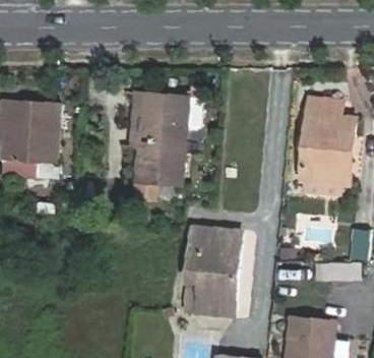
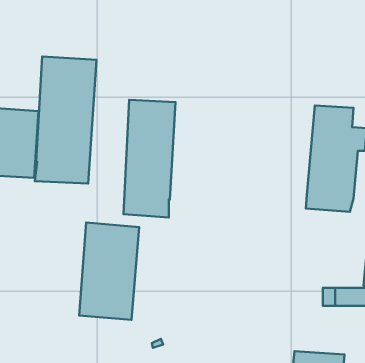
building: none -> [35,56,96,183]
building: [185,228,239,315] -> [79,223,139,320]

